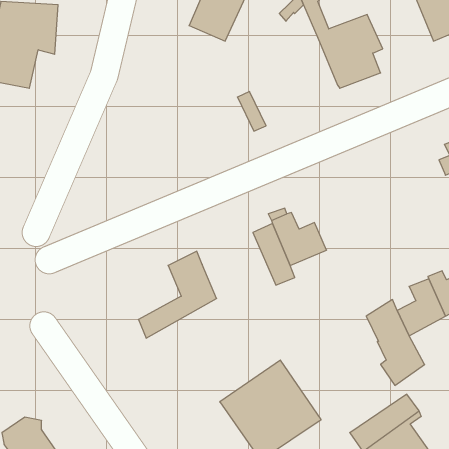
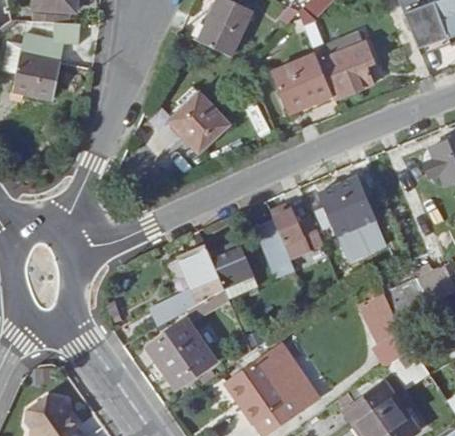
building: none -> [273,52,333,113]
building: none -> [169,92,228,151]
building: none -> [317,180,383,259]
building: none -> [210,245,254,290]
building: none -> [147,316,218,387]

